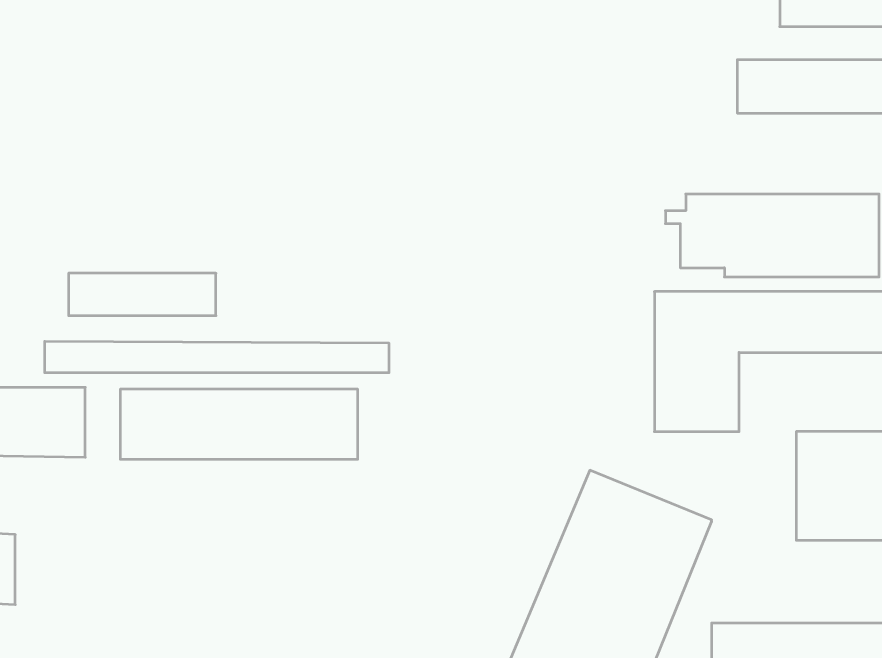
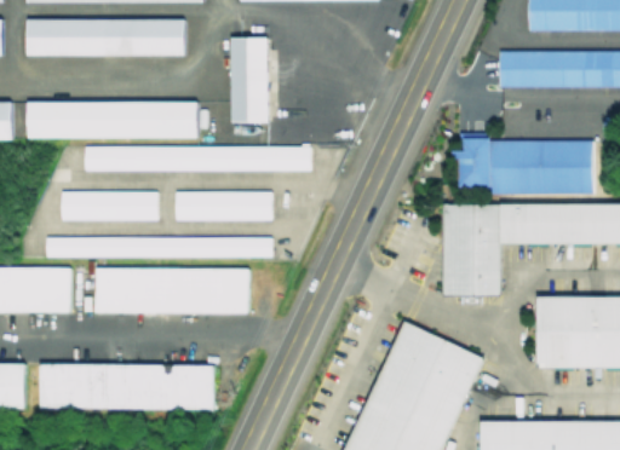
building: none -> [25,18,185,56]
building: none -> [231,36,269,121]
building: none -> [27,100,199,138]
building: none -> [82,145,311,169]
building: none -> [174,191,271,219]
building: none -> [38,363,214,410]

